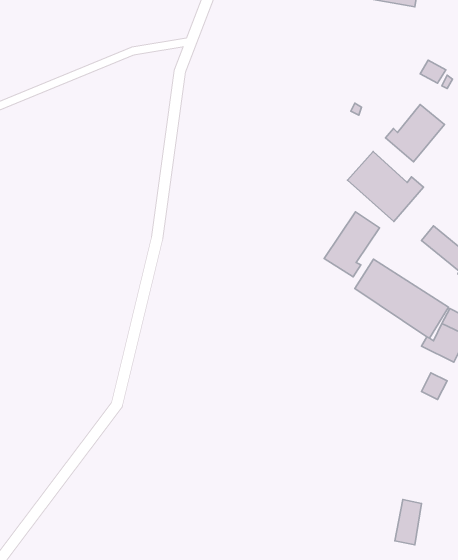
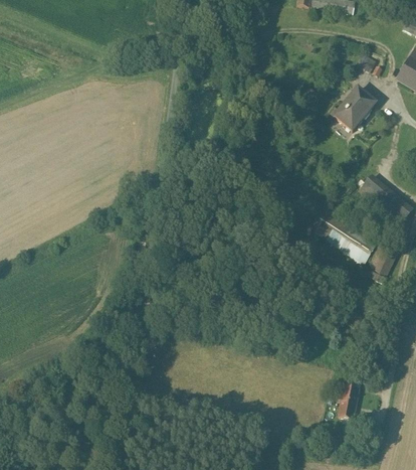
building: [348,151,423,222] -> none
building: [324,212,380,277] -> none

